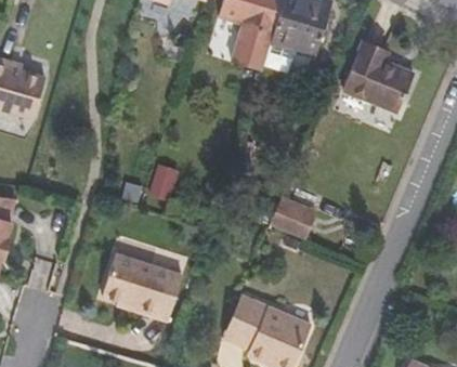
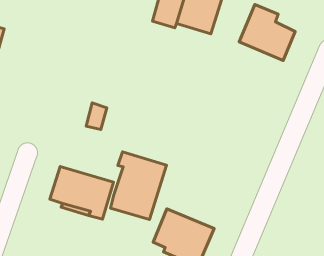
building: [270,197,316,238] -> none
building: none -> [110,152,167,220]

